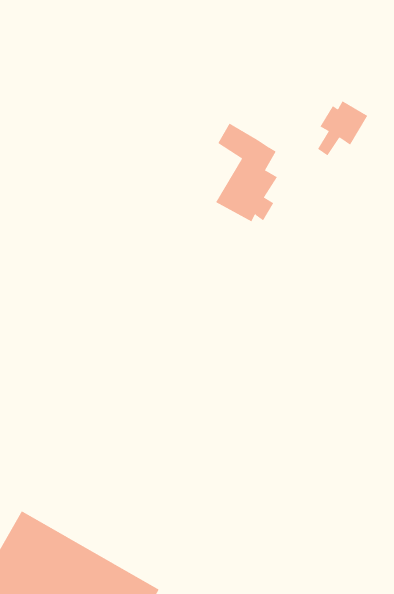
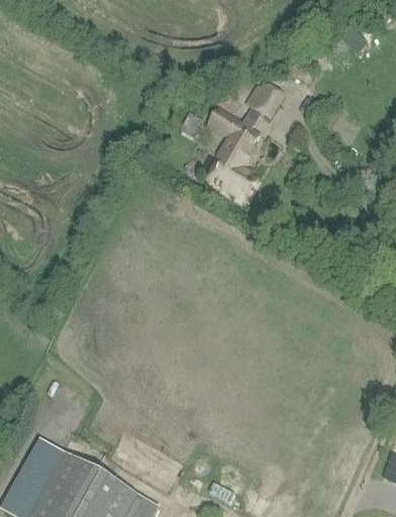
building: [317,101,368,156] -> [242,82,286,129]

